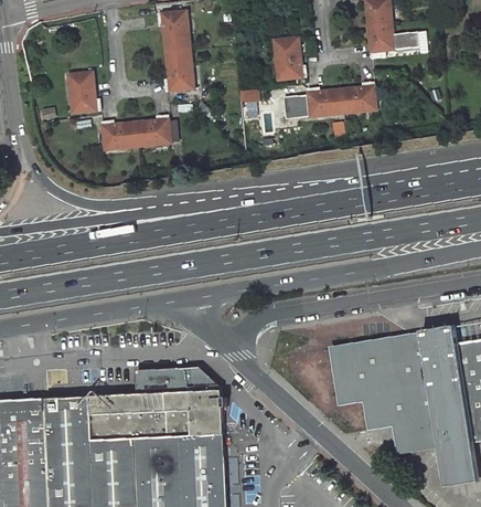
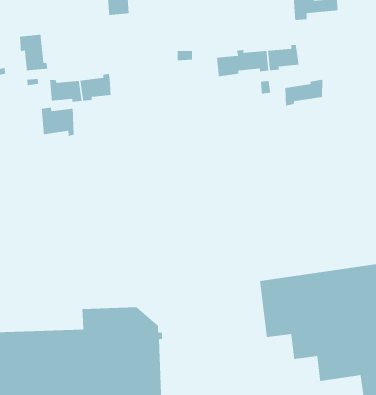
building: [272,40,304,80] -> none
building: [163,50,191,91] -> none
building: none -> [284,79,323,106]
building: none -> [41,107,75,137]

